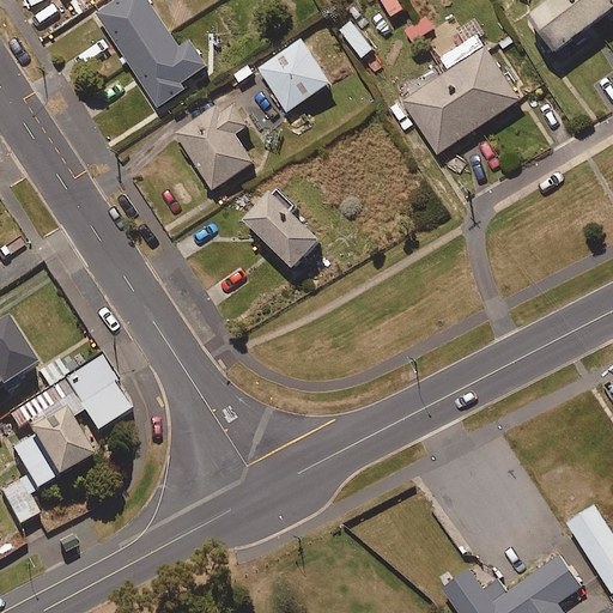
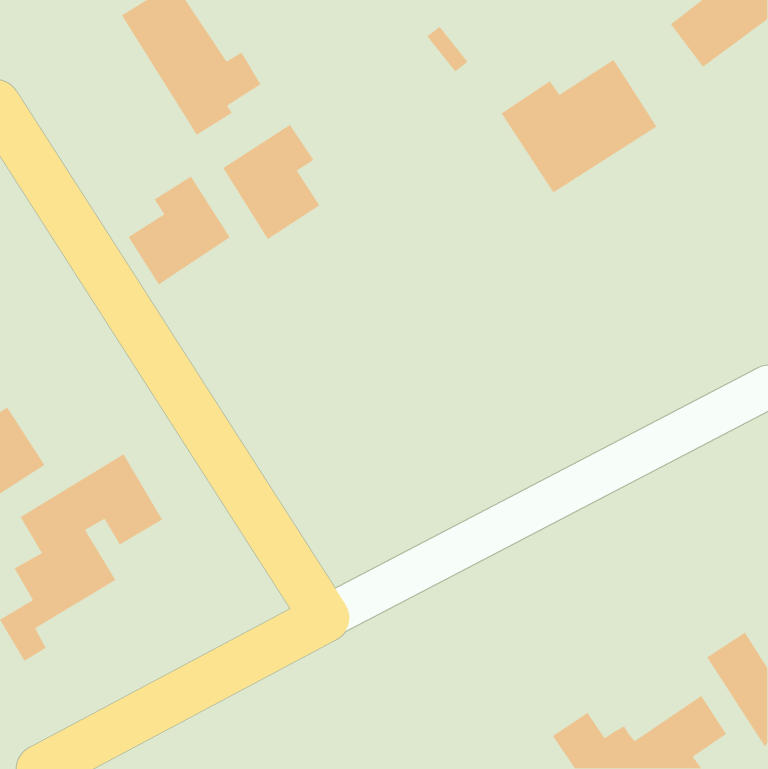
building: [257,40,330,113] -> none
building: none -> [128,176,231,285]
building: [245,193,324,272] -> none

